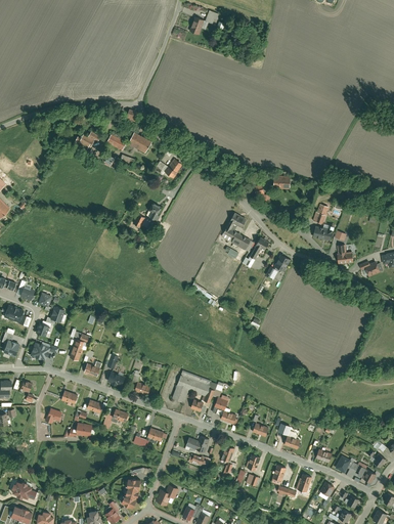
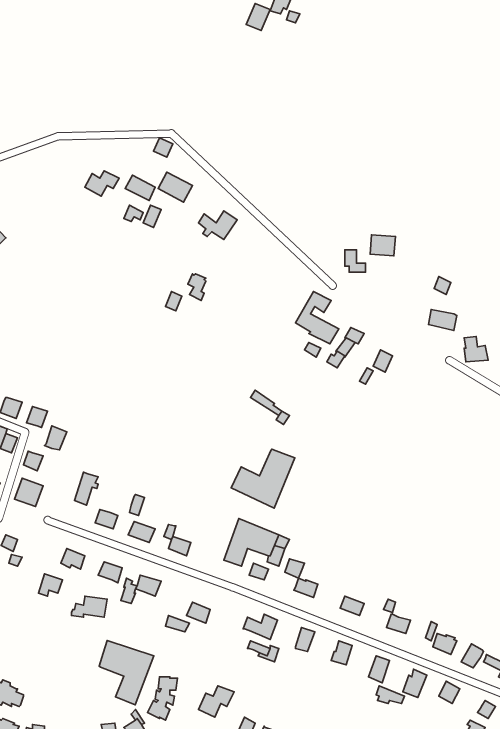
building: none -> [231,449,295,508]
building: none -> [99,640,154,705]

